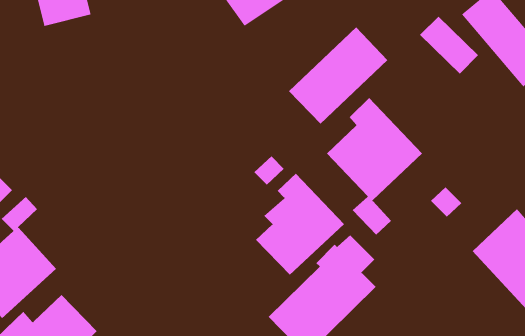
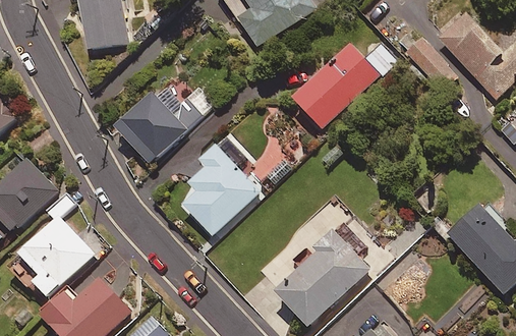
building: none -> [116,86,214,164]
building: [326,97,423,236] -> none
building: [255,173,345,276] -> [181,148,257,235]

